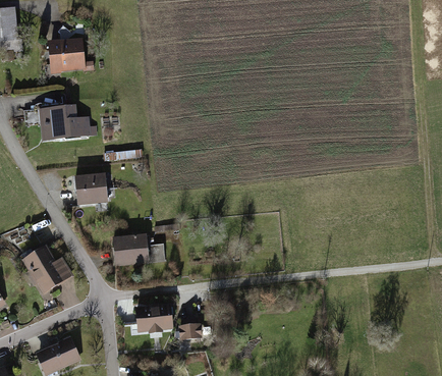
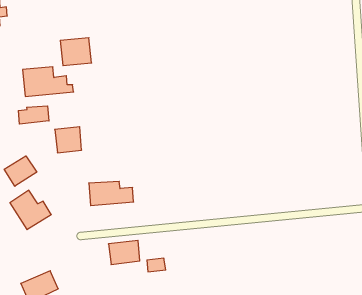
building: [48,39,84,70] -> [60,38,92,66]
building: none -> [18,106,49,124]
building: none -> [4,156,37,186]

